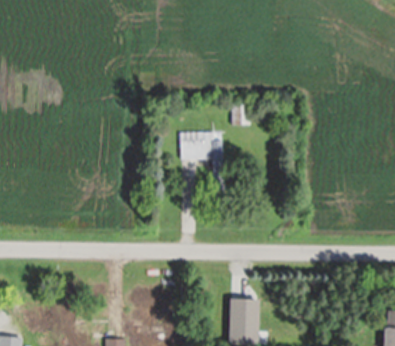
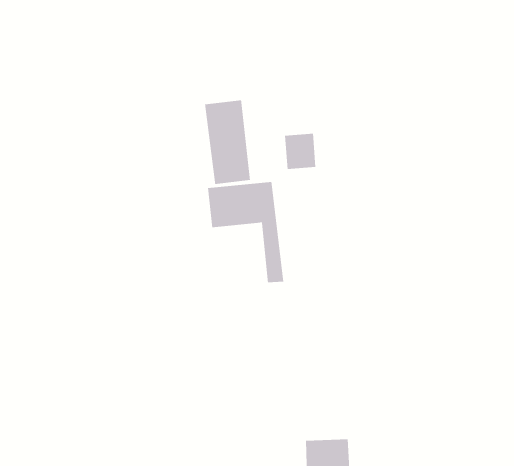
building: none -> [205,99,250,185]

